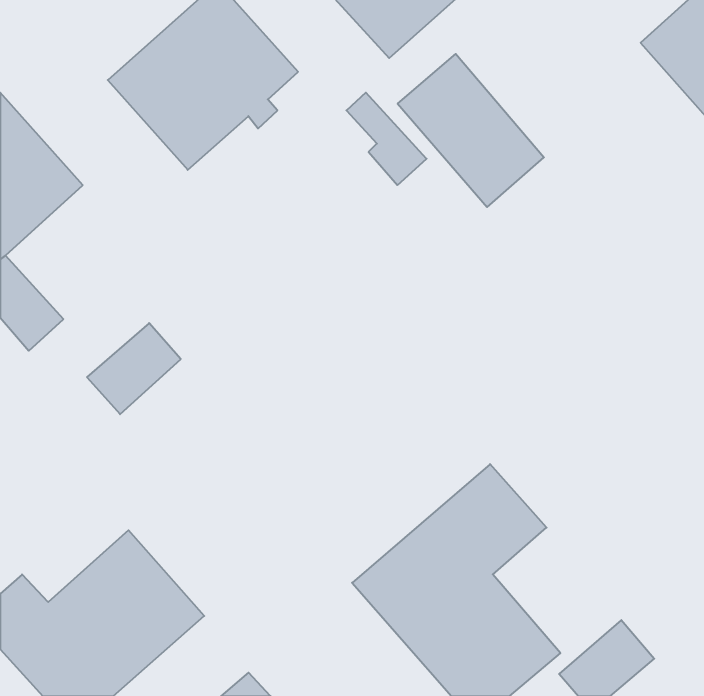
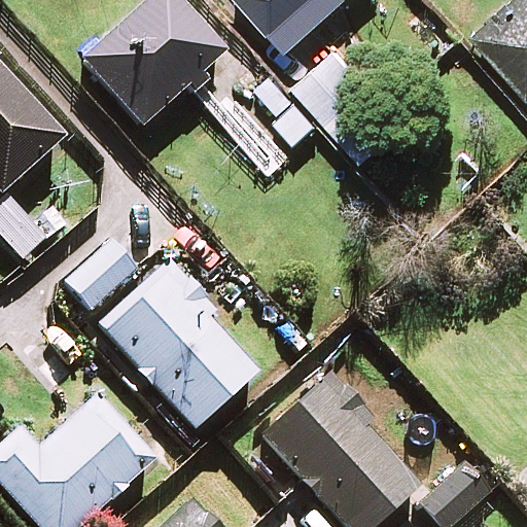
building: none -> [99,261,256,429]

